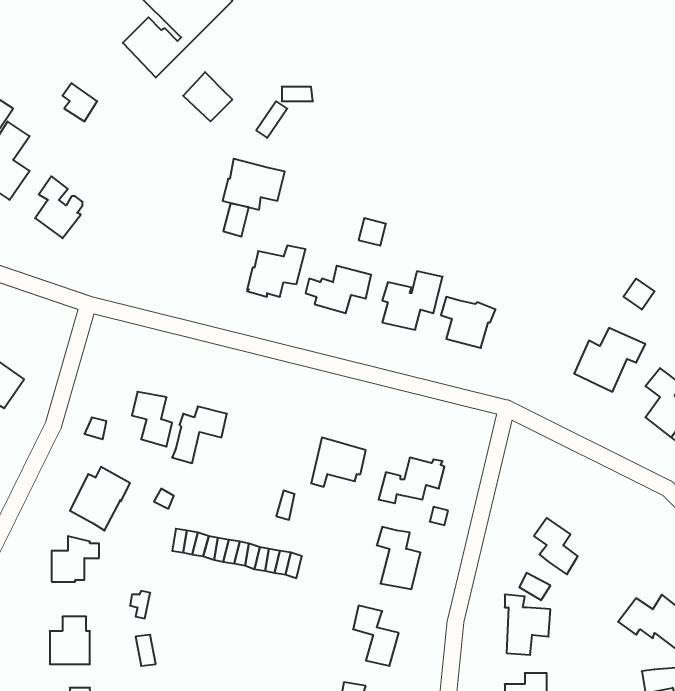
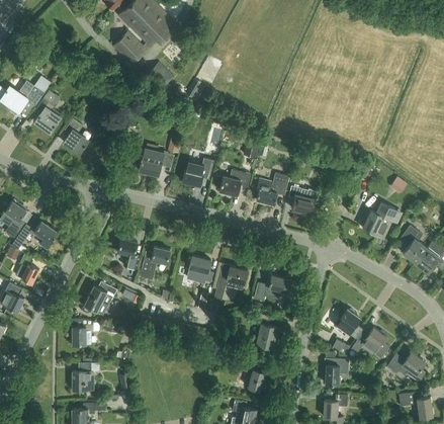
building: [223,159,285,210] -> [139,149,173,177]
building: none -> [186,257,210,284]
building: none -> [351,328,389,359]

